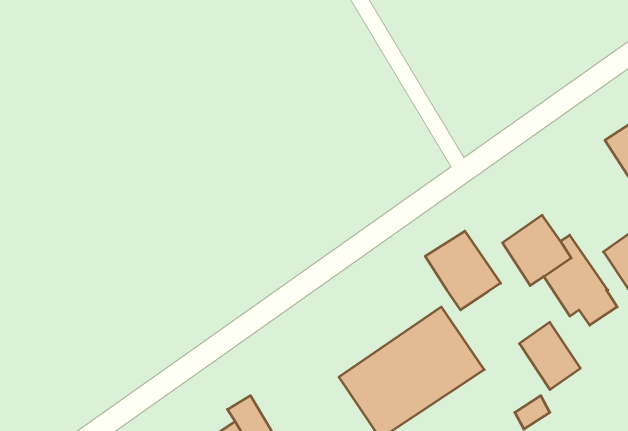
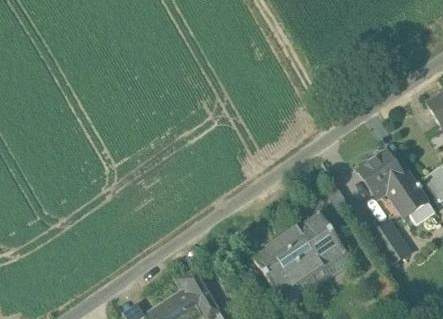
building: [425,231,501,310] -> none

